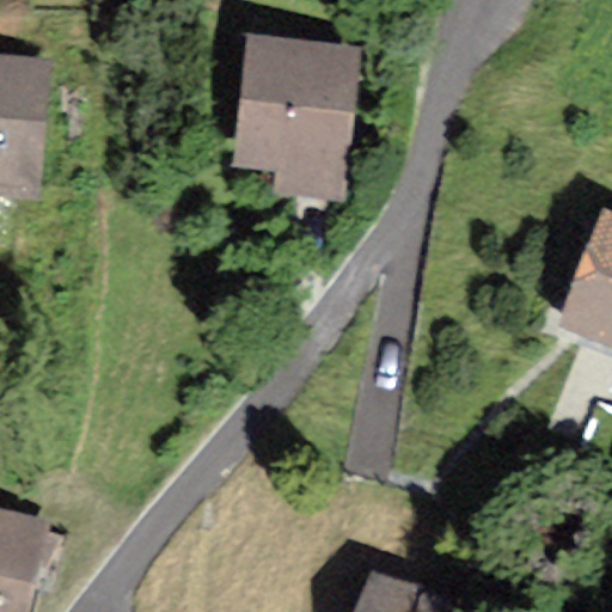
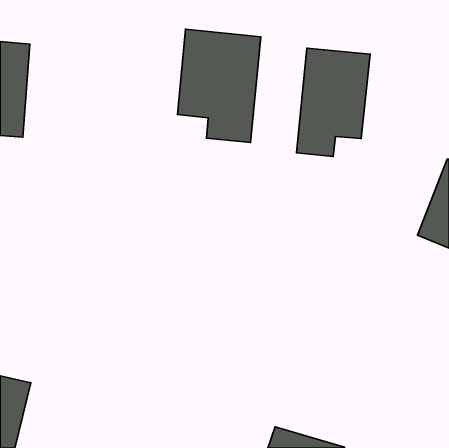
building: none -> [296,48,370,157]

